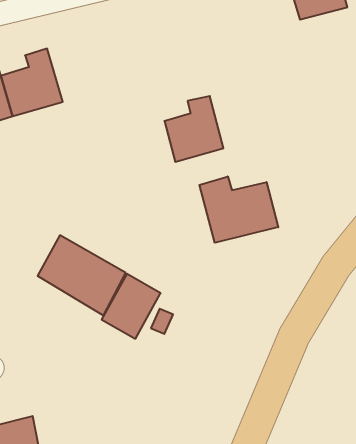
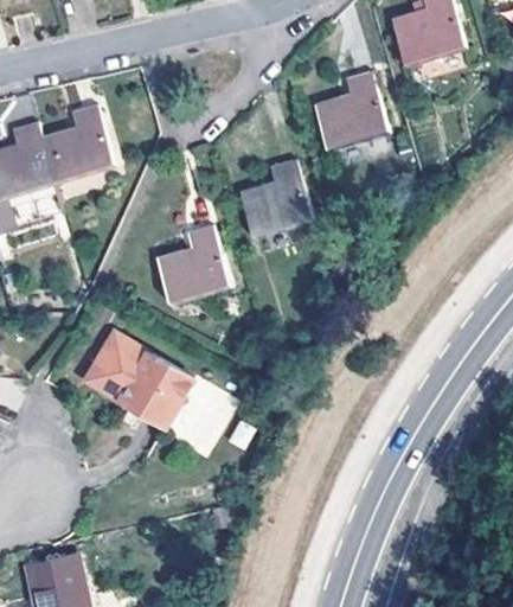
building: none -> [313,70,386,151]
building: none -> [156,224,229,305]
building: [199,176,278,243] -> none

